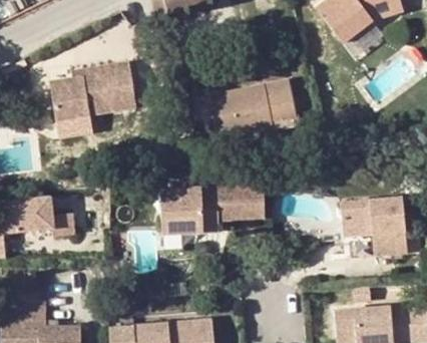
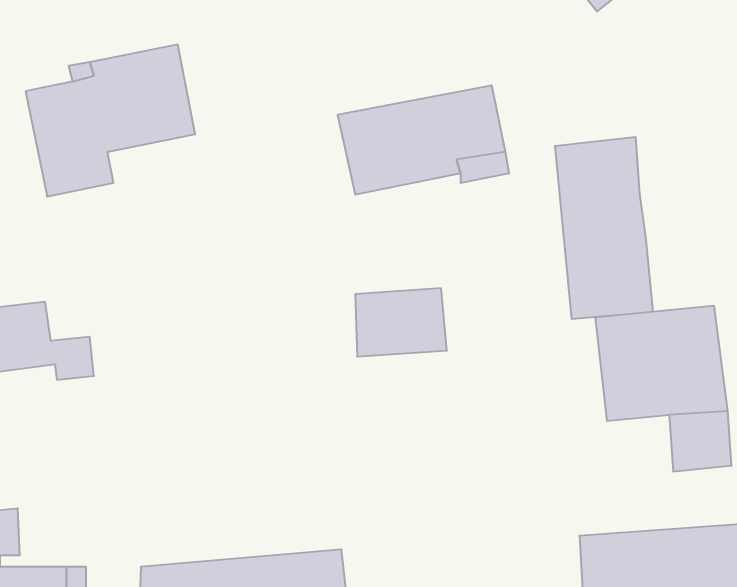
building: none -> [555,137,653,319]
building: [162,188,220,234] -> none

